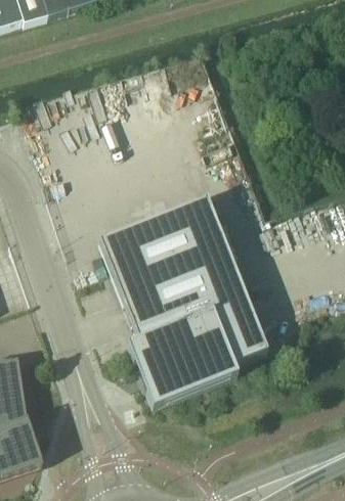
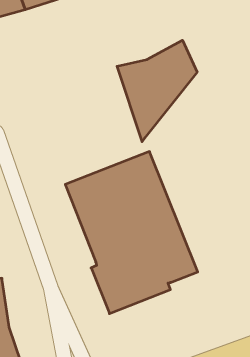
building: none -> [117,40,197,142]

